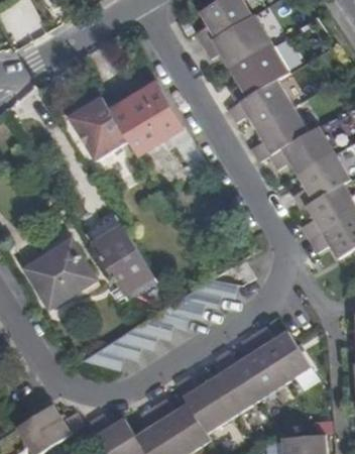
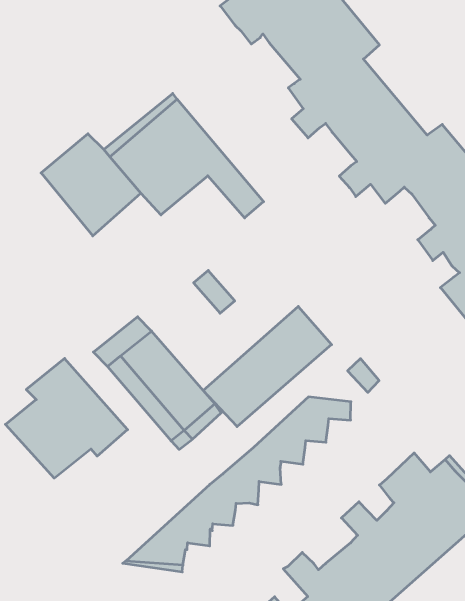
building: none -> [203,306,332,427]

